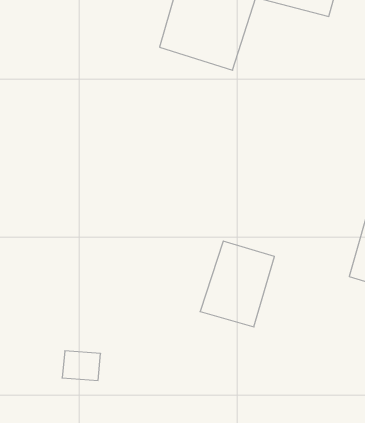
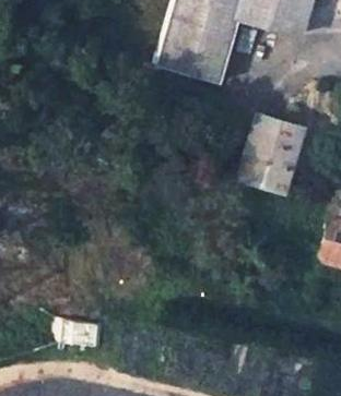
building: [200,241,274,327] -> [238,116,302,189]

